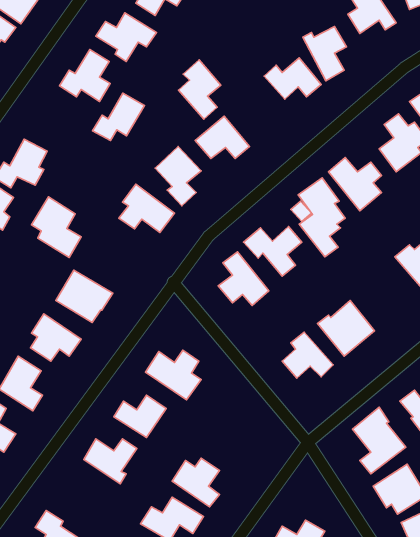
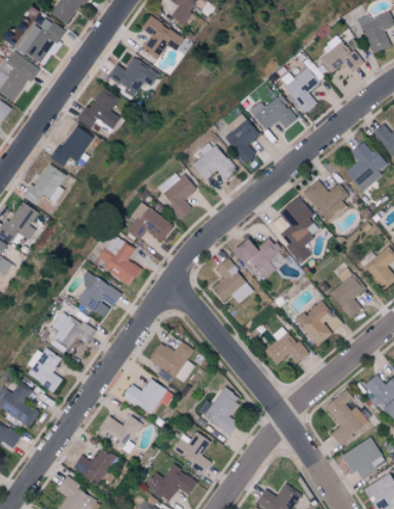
building: [178,60,221,119] -> [224,113,259,163]
building: [92,93,145,141] -> [48,125,92,165]
building: [32,197,81,258] -> [98,234,140,285]
building: none -> [330,273,365,318]
building: none -> [203,387,244,431]
building: none -> [71,448,114,485]

